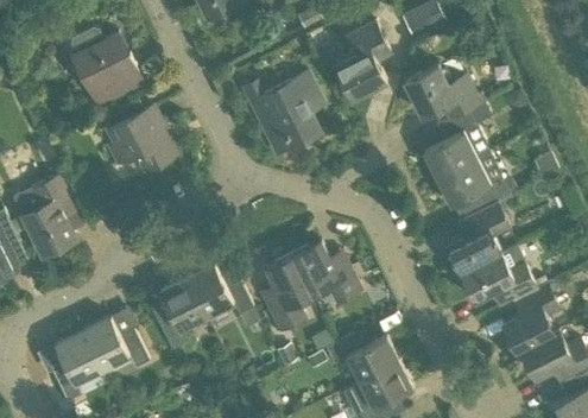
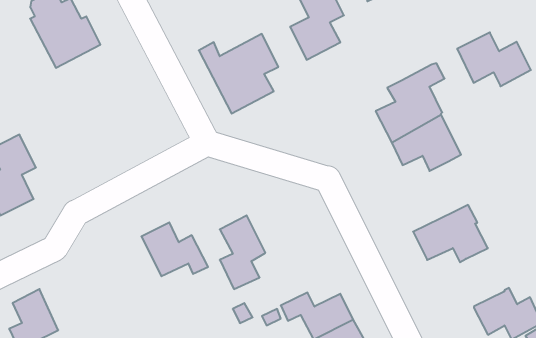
building: [405,65,480,120] -> [457,32,531,86]
building: [103,106,177,171] -> none
building: [447,202,510,273] -> none
building: [292,242,362,303] -> none
building: [154,278,206,352] -> none
building: [505,285,559,353] -> none
building: [82,318,148,373] -> none

